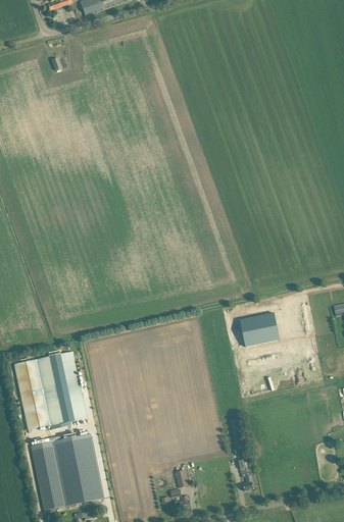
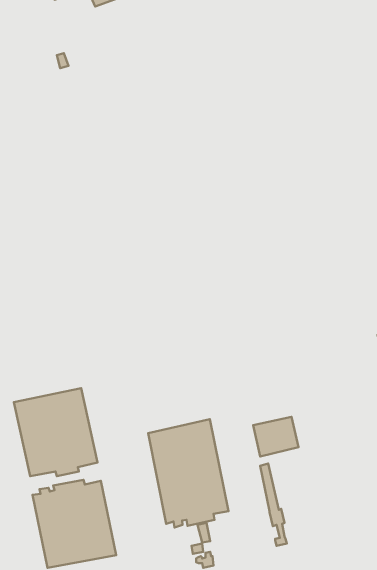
building: [239,312,279,347] -> [253,417,298,456]
building: none -> [148,419,228,527]

